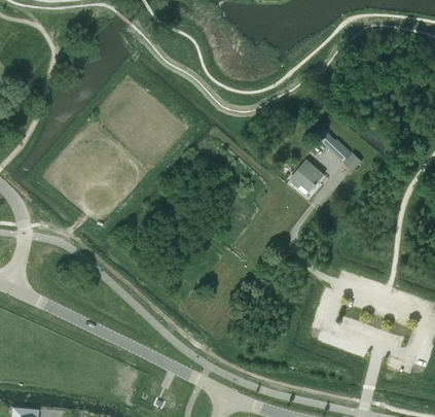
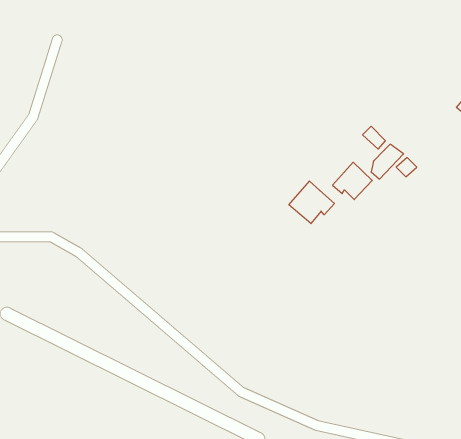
building: none -> [289,181,334,224]

